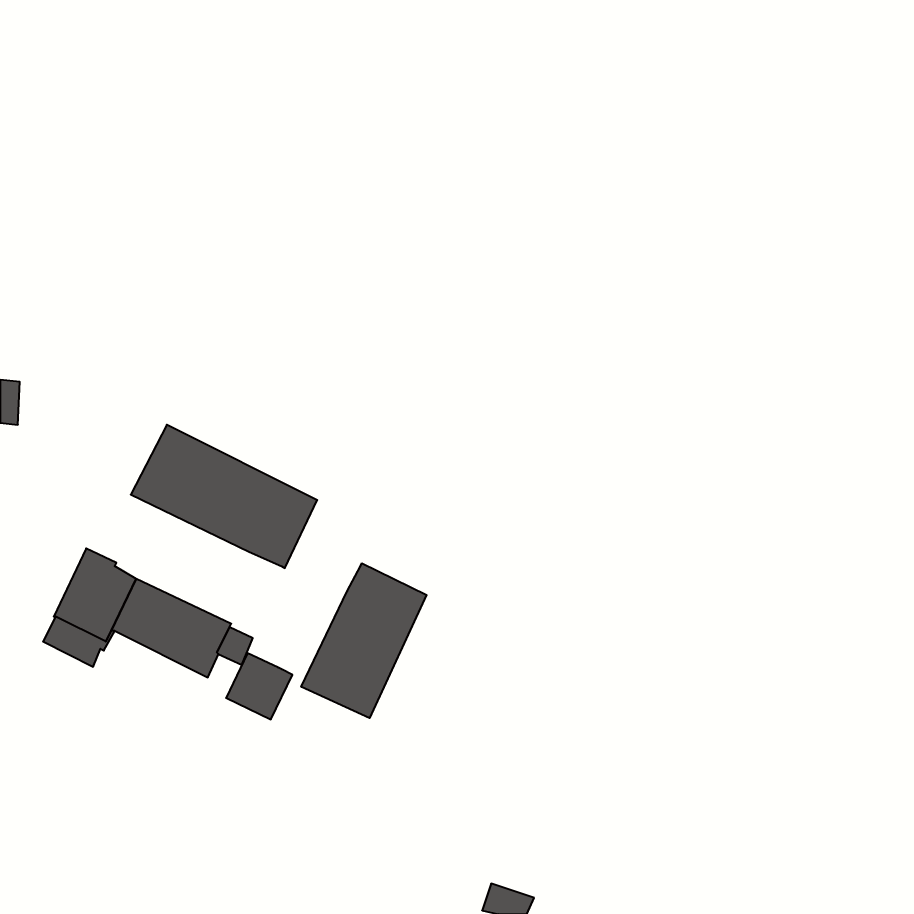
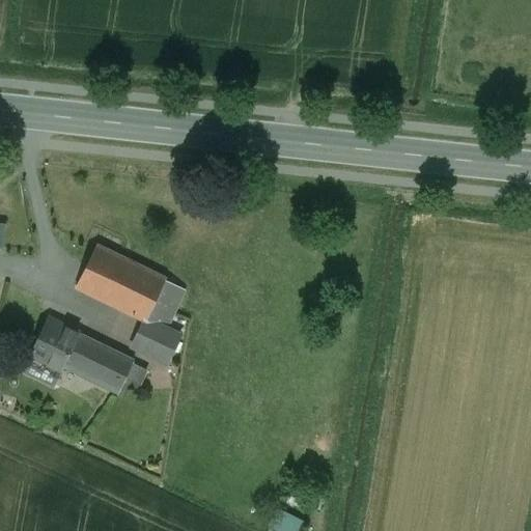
building: [301,563,427,718] -> none
building: [226,653,292,719] -> [134,319,172,358]

